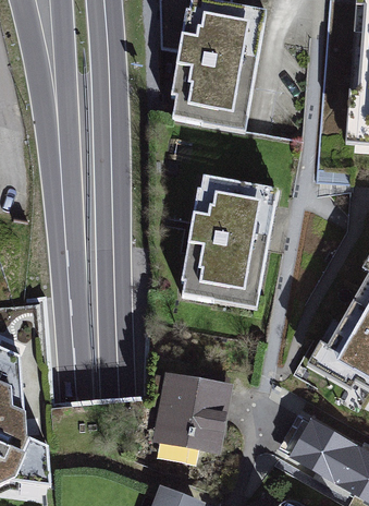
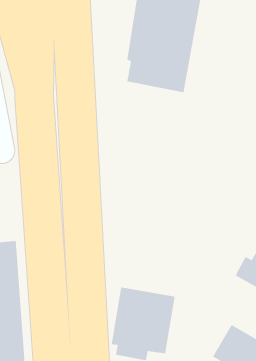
building: [180,170,281,304] -> none

